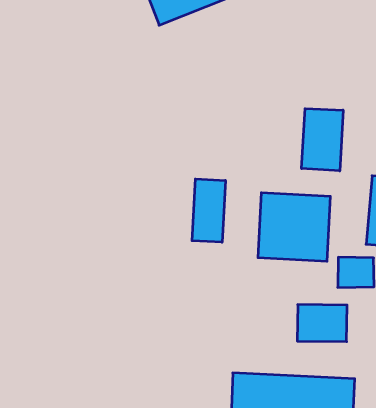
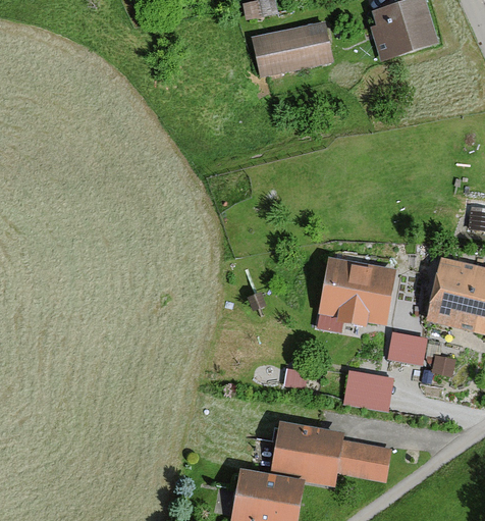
building: [302,109,343,171] -> none
building: [192,179,225,242] -> none

